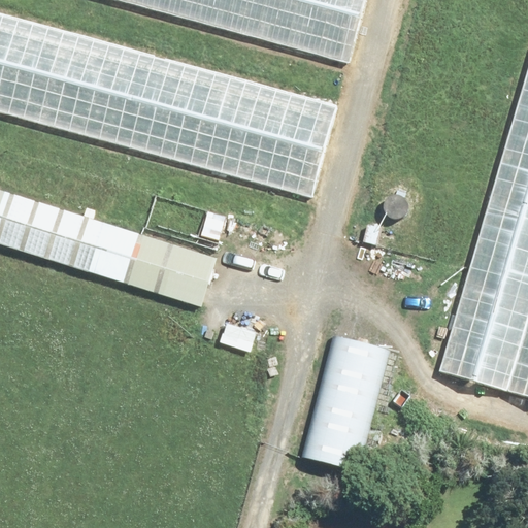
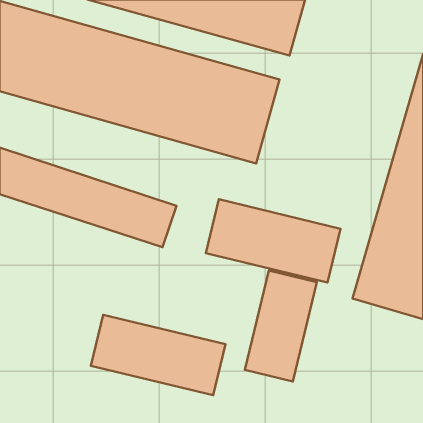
building: none -> [206,199,340,282]
building: none -> [91,315,226,395]

